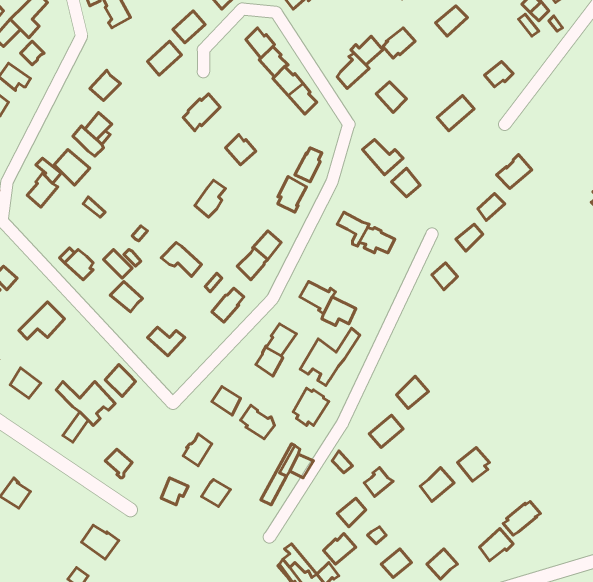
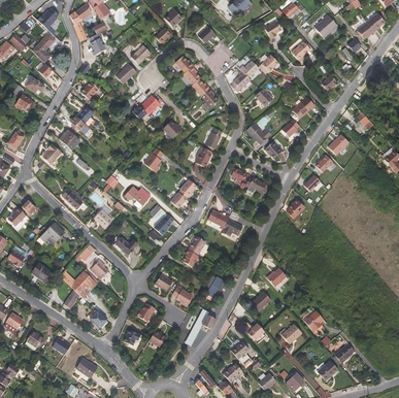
building: [300,328,360,386] -> none

